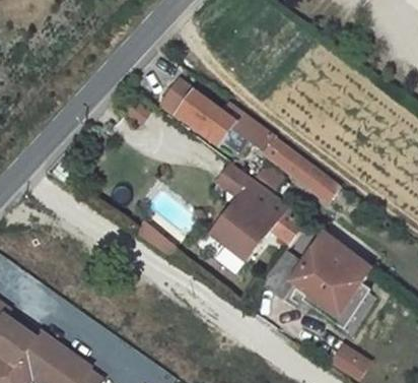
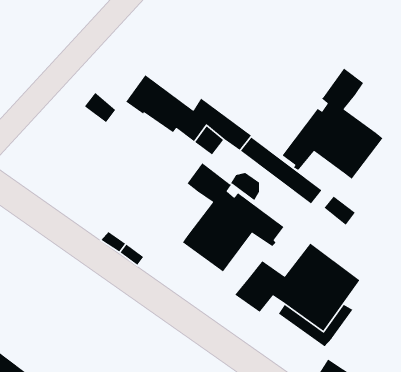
building: none -> [282,68,383,180]

